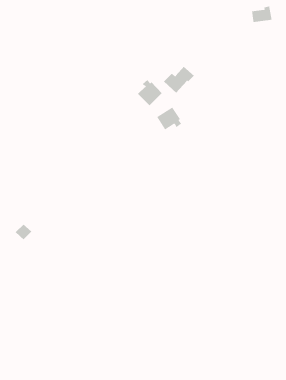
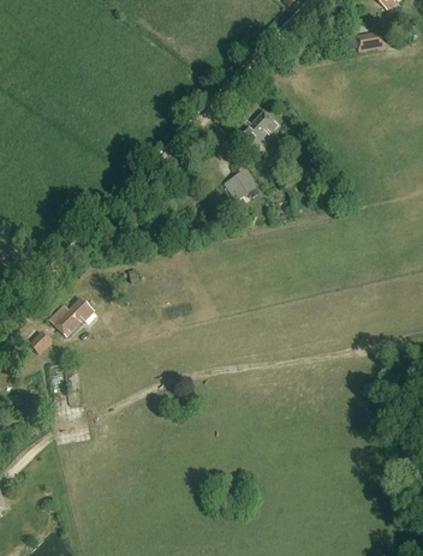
building: [137,79,163,106] -> none
building: none -> [48,297,94,336]

